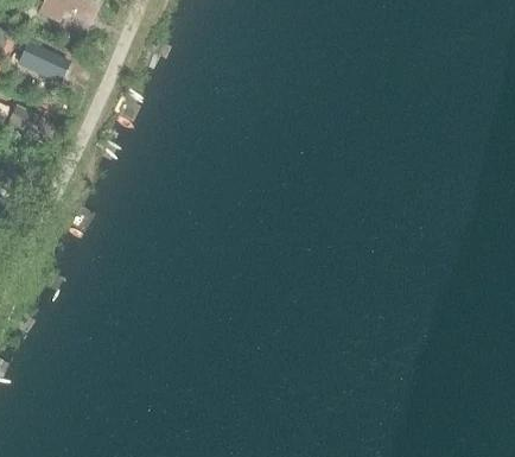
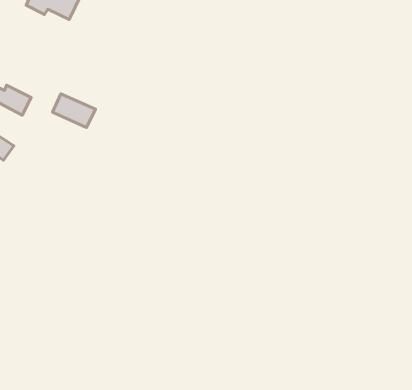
building: [19,42,69,81] -> [52,94,96,128]

